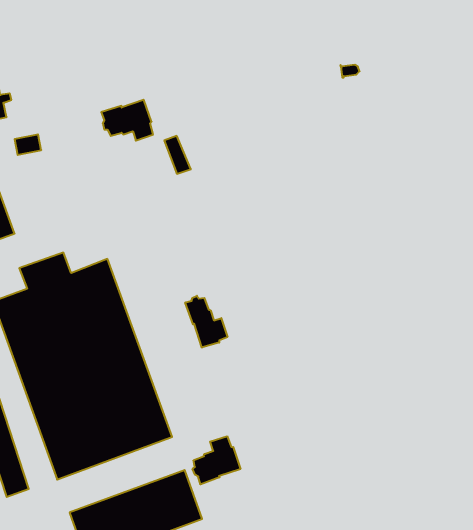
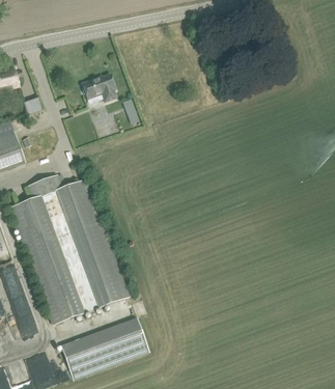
building: [185,296,227,348] -> none
building: [193,436,240,484] -> none

